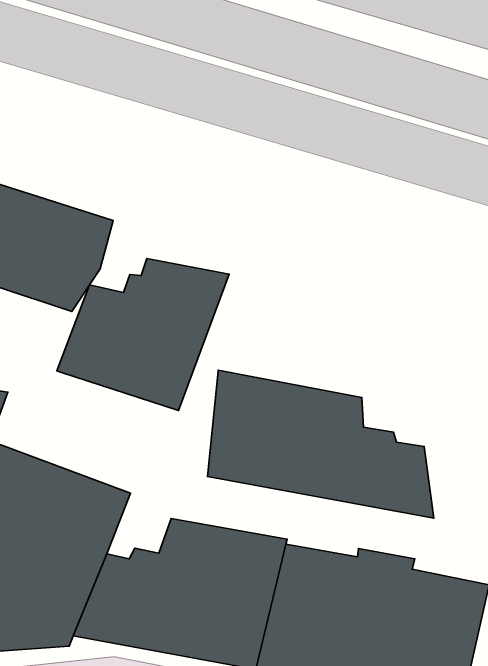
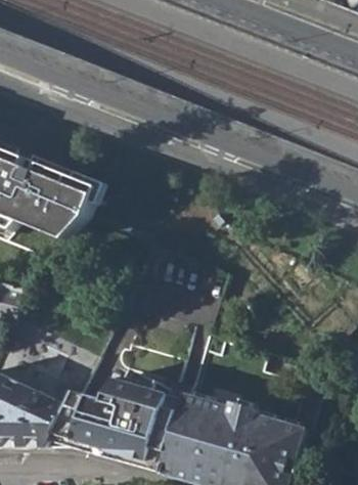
building: [57,259,229,410] -> none
building: [208,370,434,518] -> none

